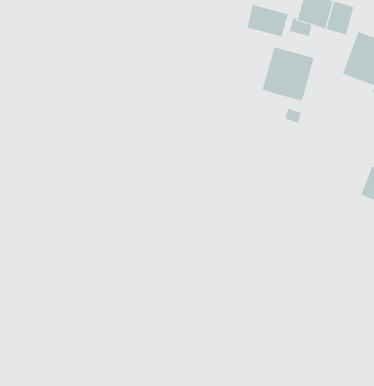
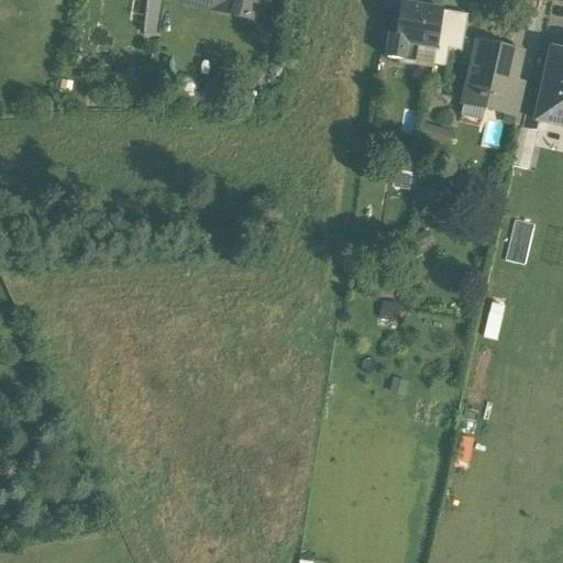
building: [247,4,288,37] -> none
building: [262,46,314,101] -> none

